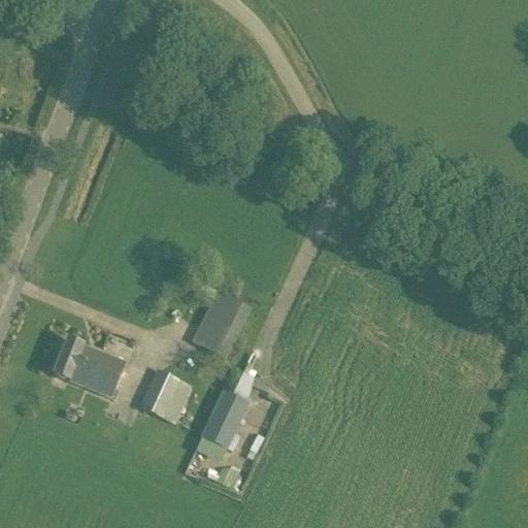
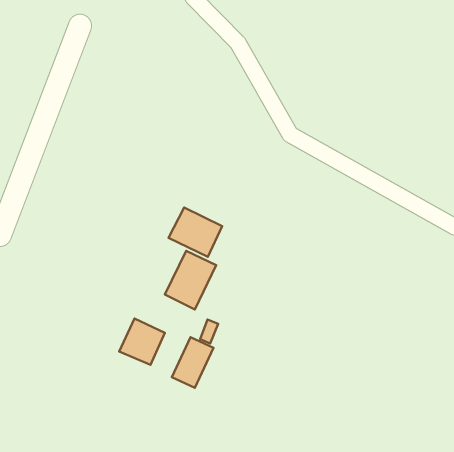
building: none -> [169,208,222,257]
building: [54,337,128,397] -> none

